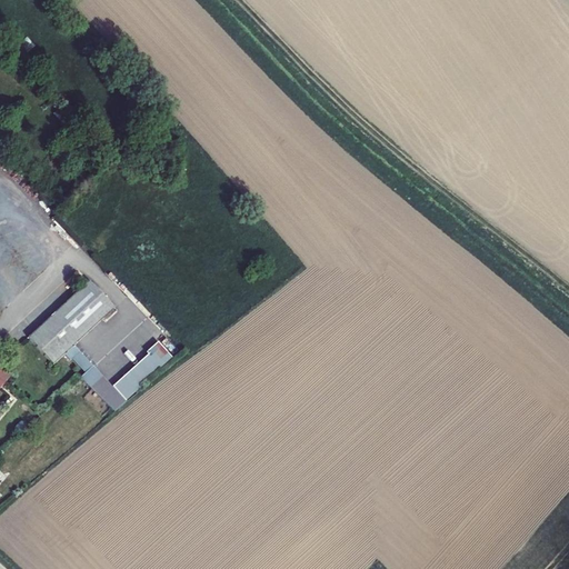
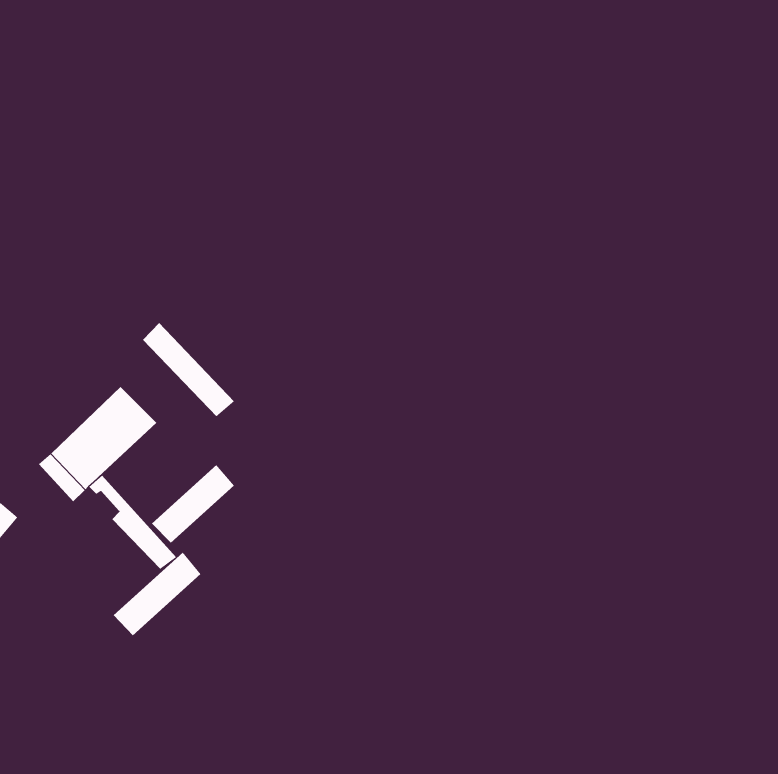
building: none -> [142,322,235,417]
building: none -> [113,552,201,636]

